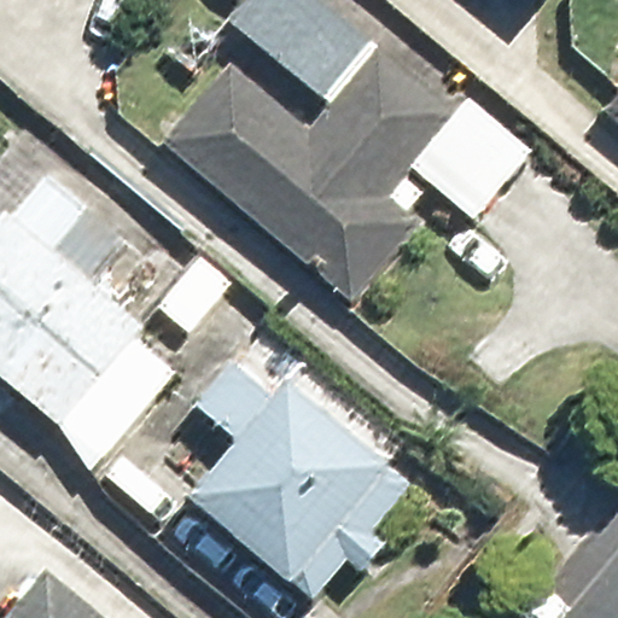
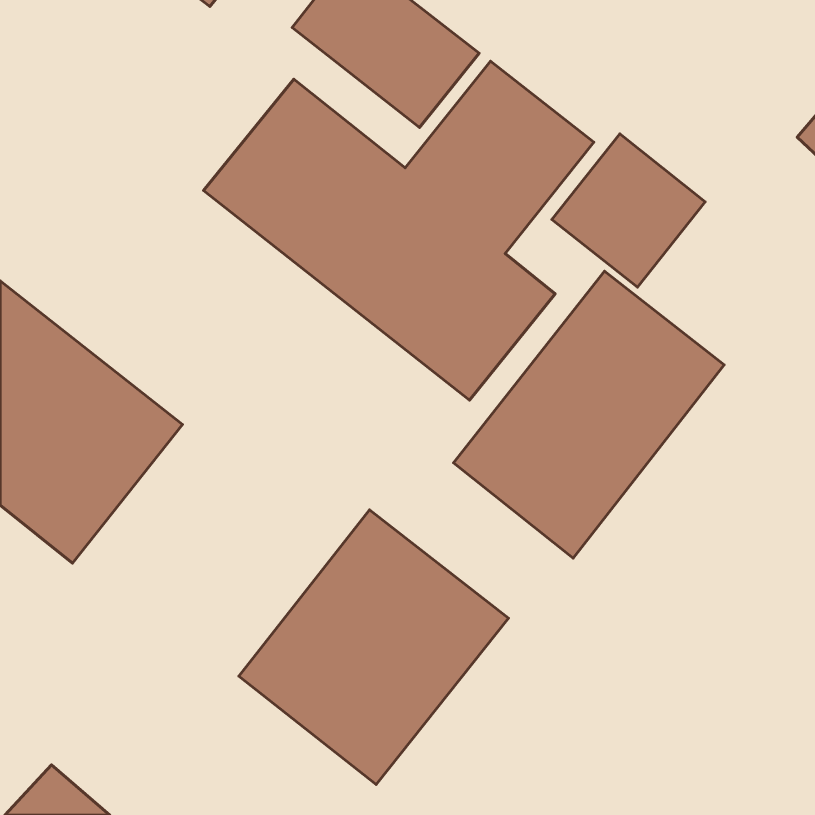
building: none -> [454,271,724,558]

